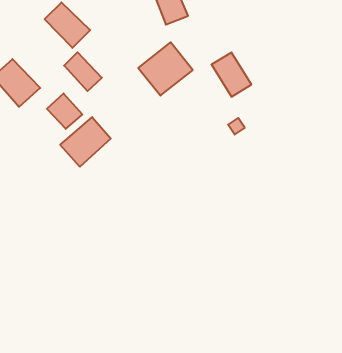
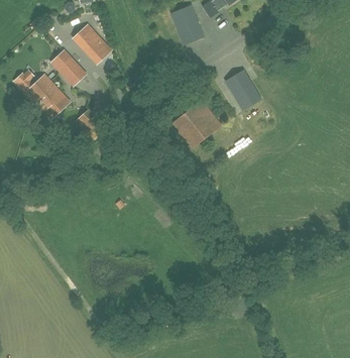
building: [138,42,193,96] -> [171,100,221,148]
building: [64,52,102,91] -> [50,50,85,86]
building: [60,117,111,167] -> none

